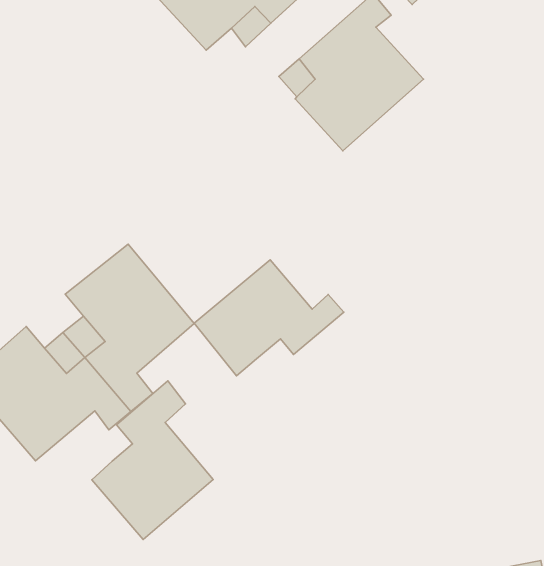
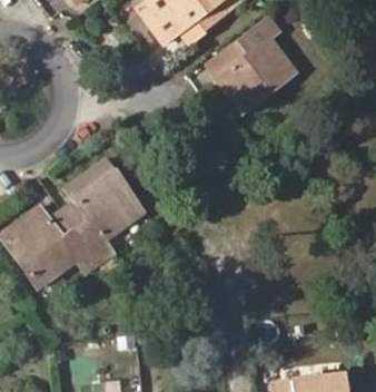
building: [194,260,344,376] -> none
building: [92,381,213,540] -> none

